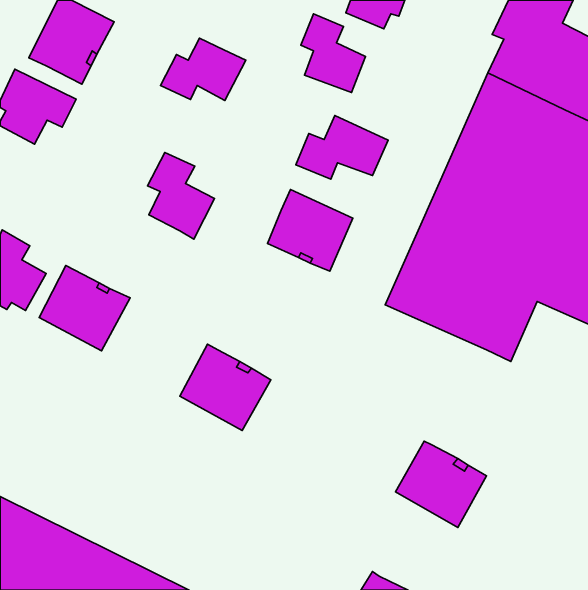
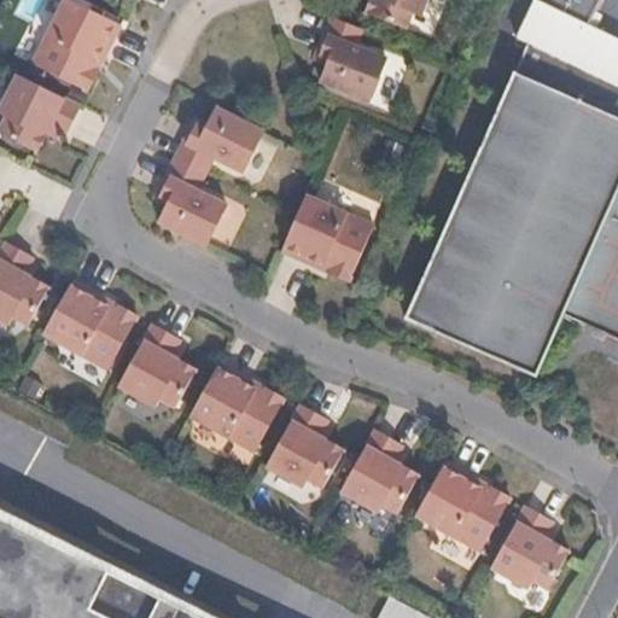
building: [160,38,246,101] -> [174,110,263,175]
building: [296,116,388,179] -> none
building: none -> [118,322,197,406]
building: none -> [267,403,345,486]
building: none -> [342,428,420,512]
building: none -> [491,506,570,589]

